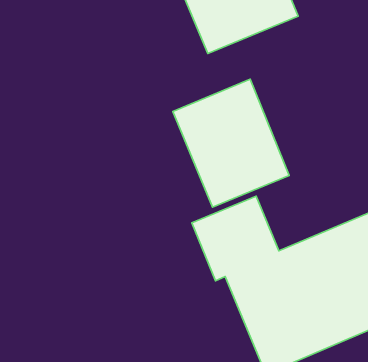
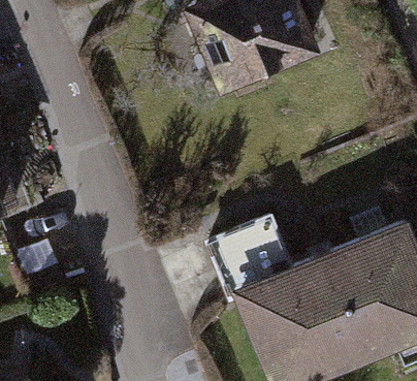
building: [173,79,289,207] -> none

